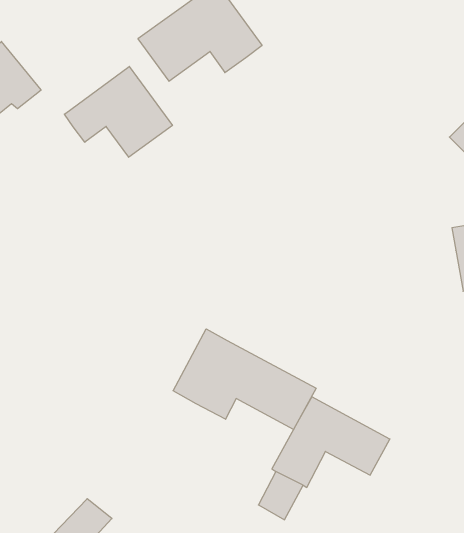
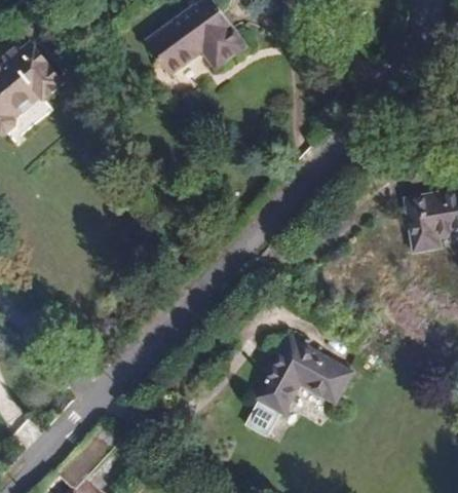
building: [64,66,172,157] -> none
building: [173,329,316,430] -> none

